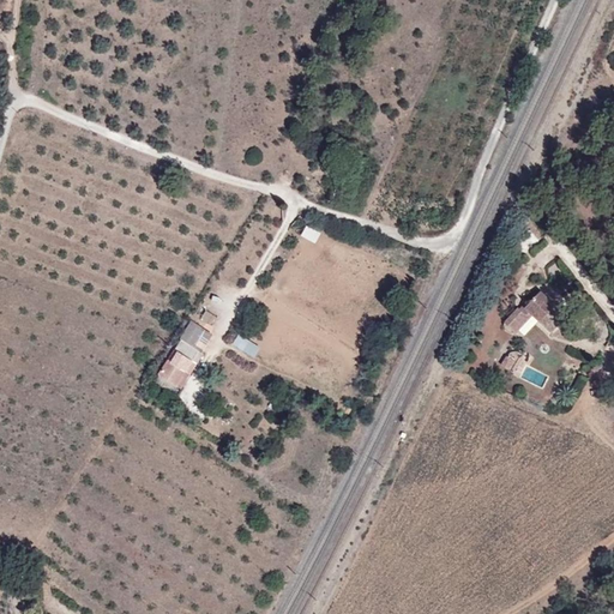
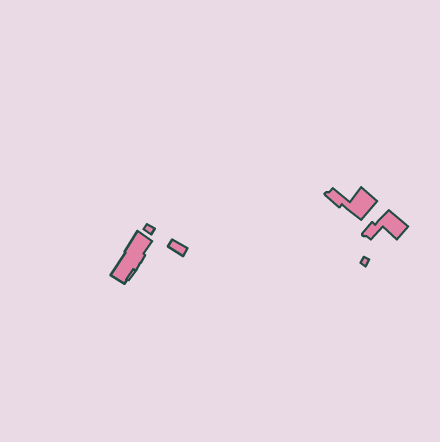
building: none -> [325,187,377,220]

